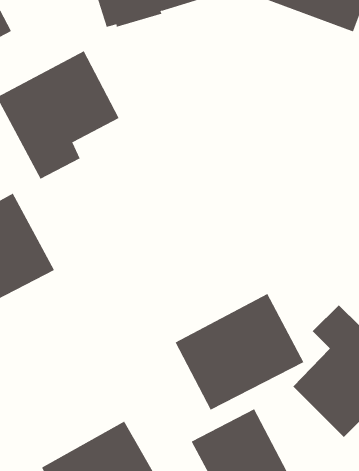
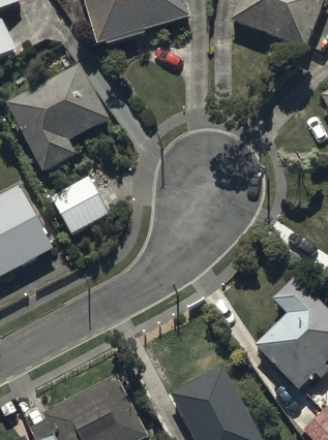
building: none -> [51,177,109,235]
building: [175,293,304,410] -> none

